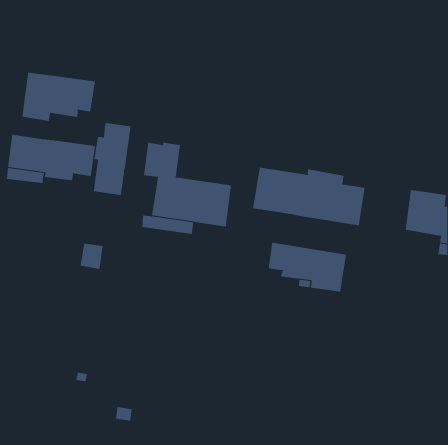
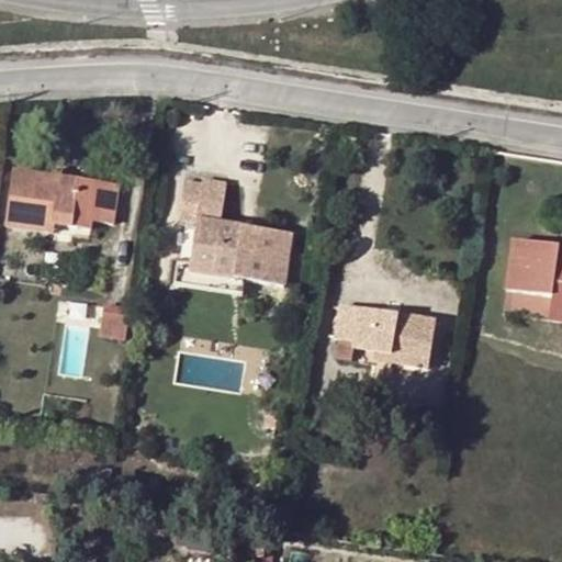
building: [22,72,95,122] -> none
building: [93,122,131,196] -> none
building: [252,167,365,226] -> none

